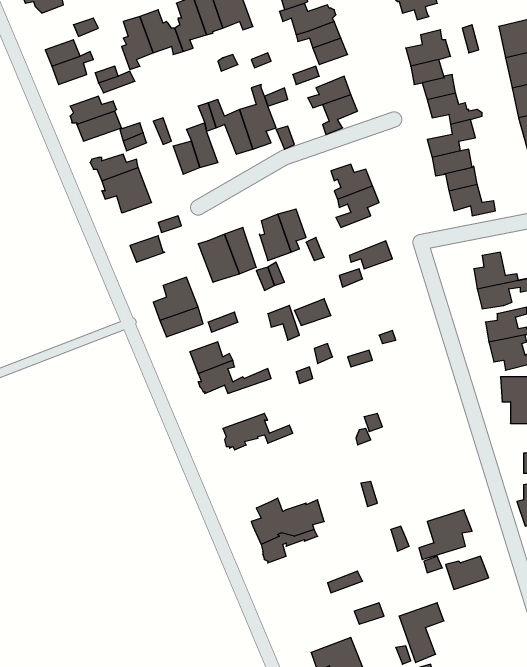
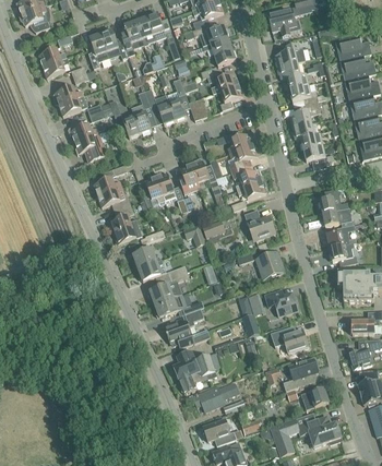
building: none -> [231,164,261,190]
building: none -> [97,184,130,210]
building: none -> [243,208,274,239]
building: none -> [254,250,284,278]
building: none -> [147,271,188,303]
building: none -> [264,289,297,314]
building: none -> [164,307,210,346]
building: none -> [270,327,308,353]
building: none -> [192,381,236,410]
building: none -> [295,411,341,445]
building: none -> [202,418,236,445]

